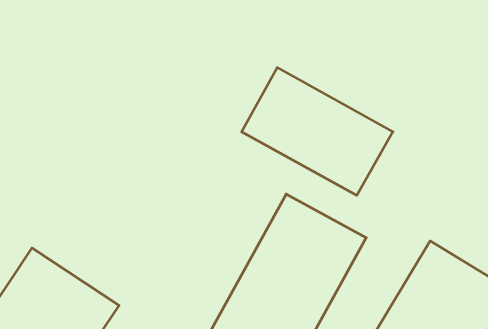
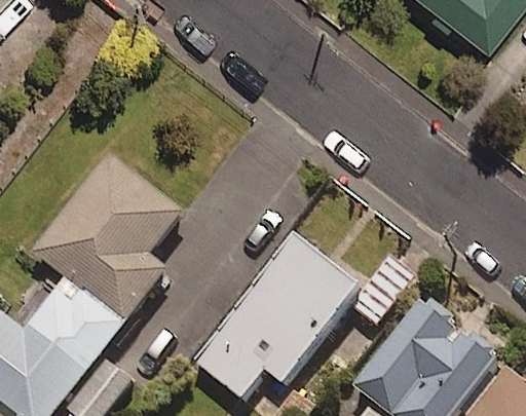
building: [242,68,393,195] -> none
building: none -> [40,158,186,309]

